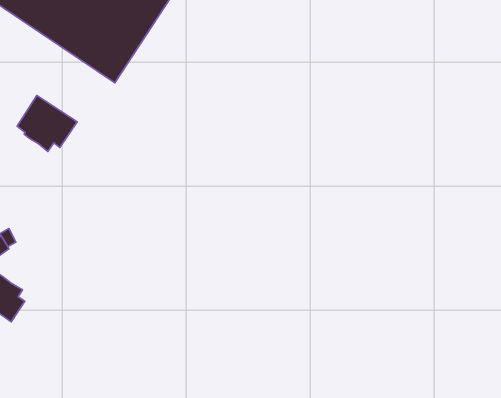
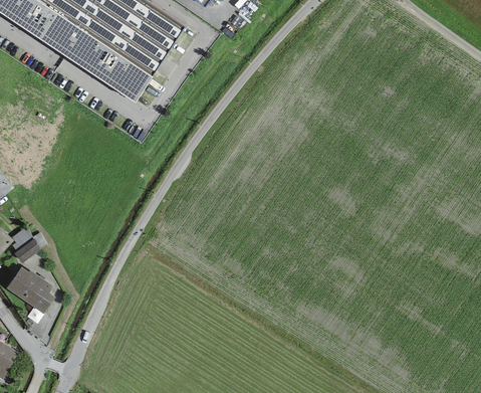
building: [17,96,77,151] -> none

